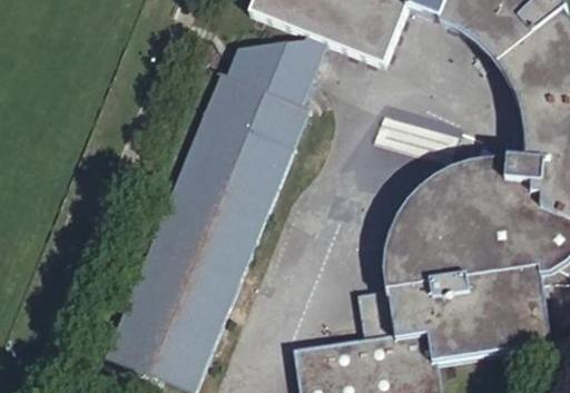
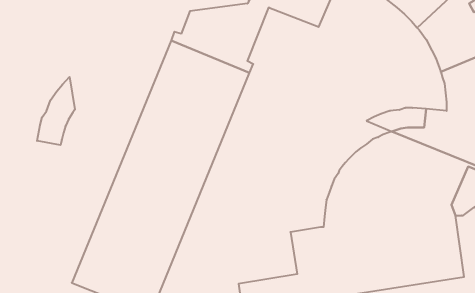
building: none -> [37,77,75,145]
building: [385,169,470,291] -> none

